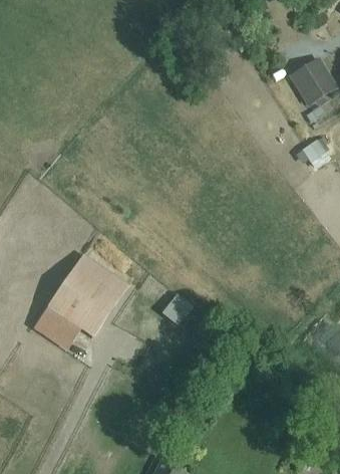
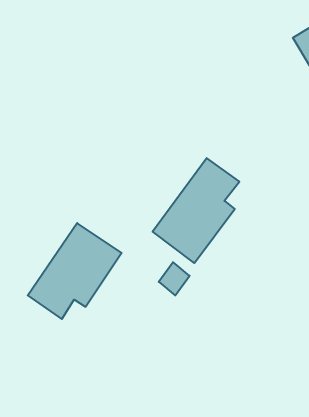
building: none -> [153,158,239,263]

